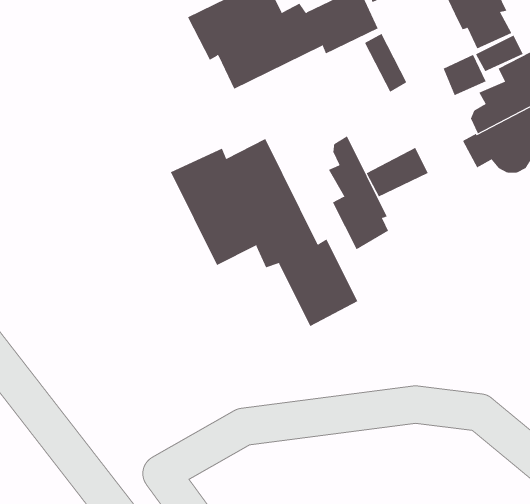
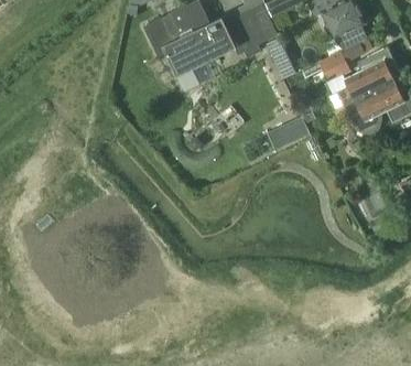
building: [328,135,389,250] -> none
building: [170,138,358,327] -> none

